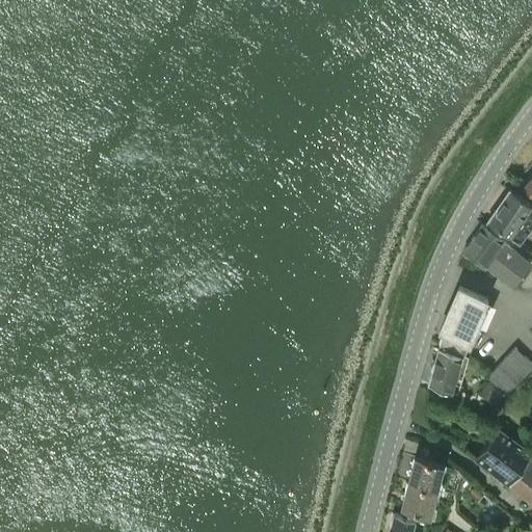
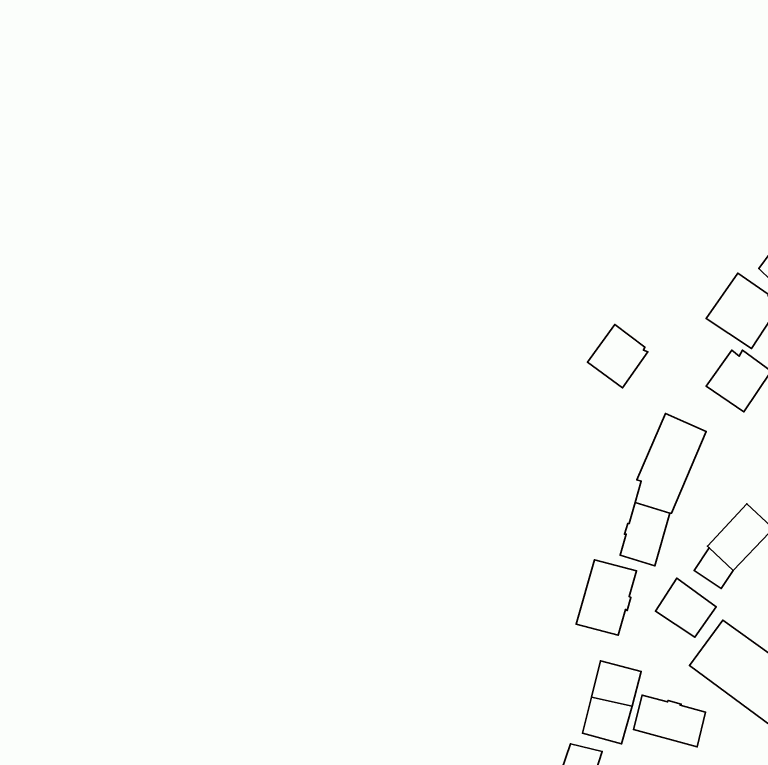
building: [464,227,506,270] -> [588,325,648,388]
building: none -> [576,560,637,635]
building: none -> [656,578,716,637]
building: none -> [634,695,706,747]

